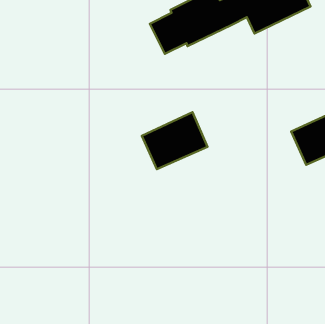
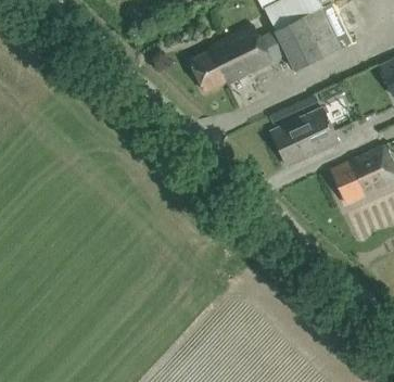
building: [142,112,208,169] -> [270,107,336,165]

